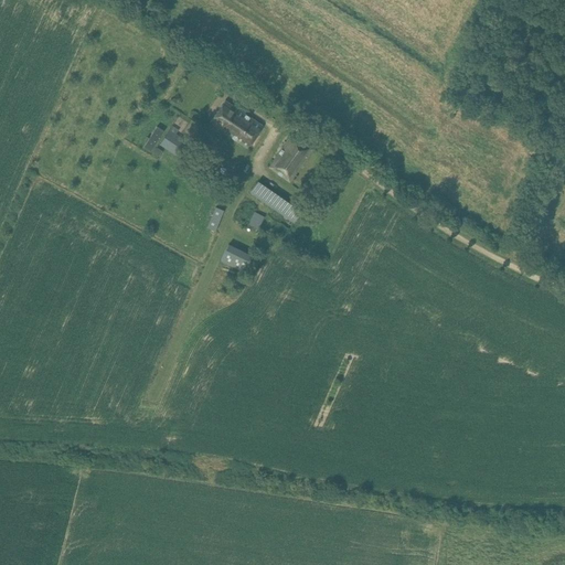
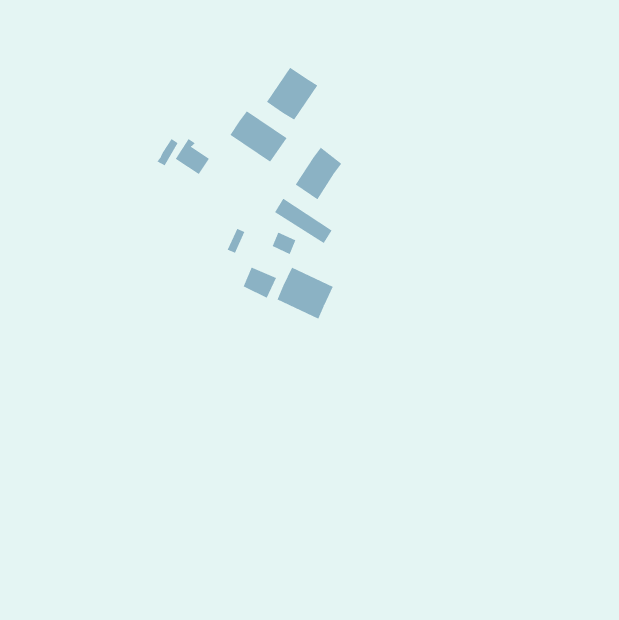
building: none -> [266,67,318,121]
building: none -> [277,267,334,319]

